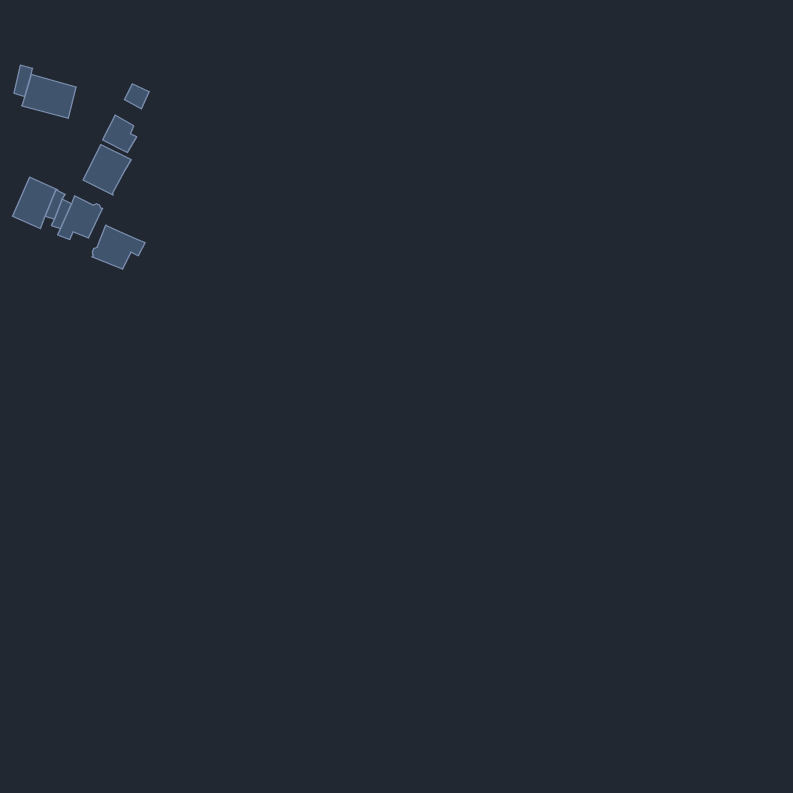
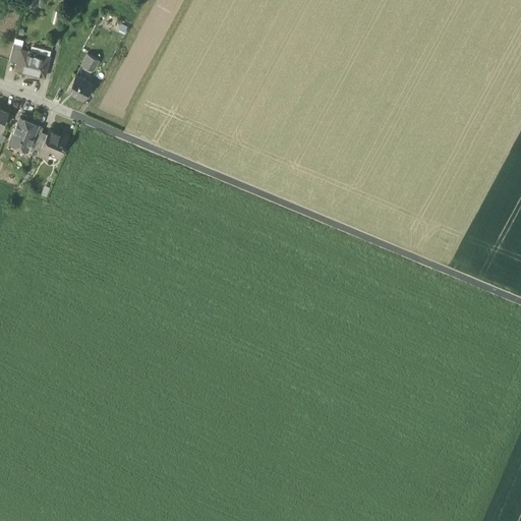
building: [83,145,131,195] -> none
building: [92,225,145,269] -> none

